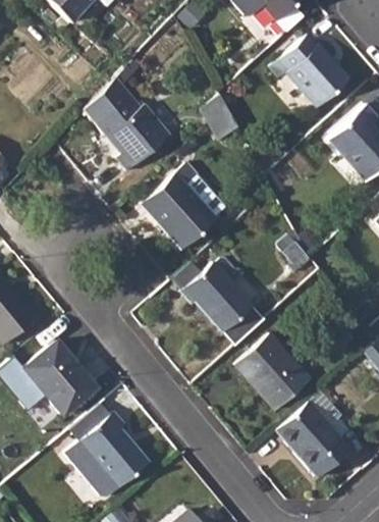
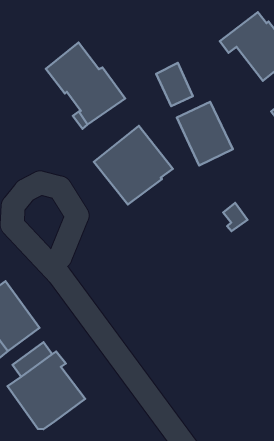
building: none -> [177,102,233,166]
building: [182,256,255,332] -> none
building: [236,334,312,412] -> none
building: [278,402,346,478] -> none

